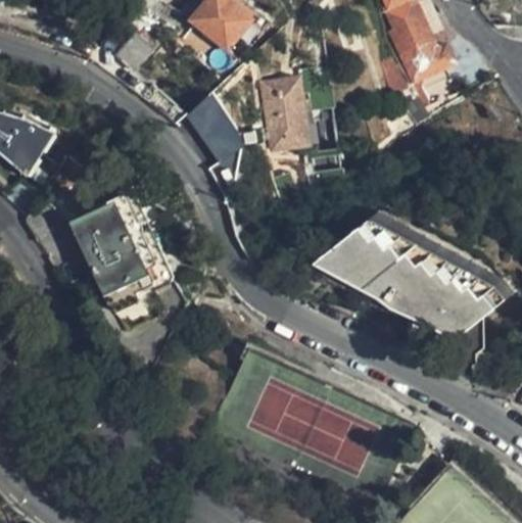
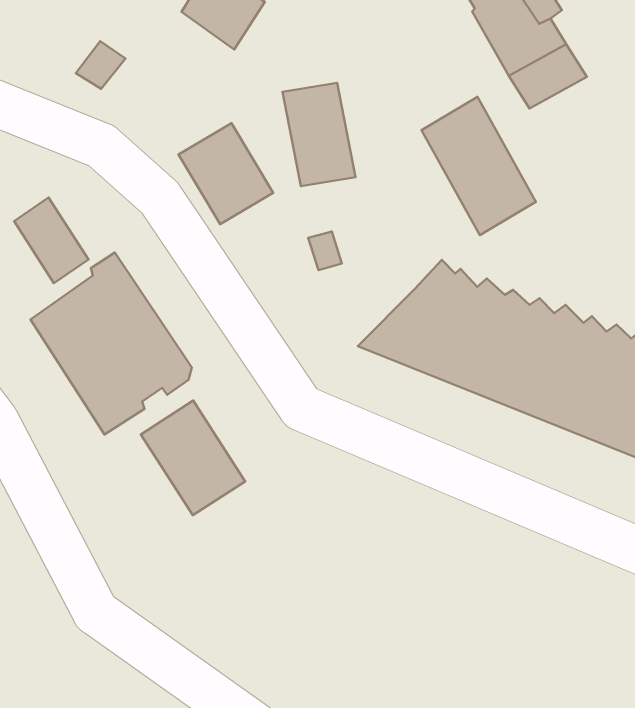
building: none -> [422,97,536,235]
building: none -> [14,198,88,283]
building: none -> [141,401,245,515]

